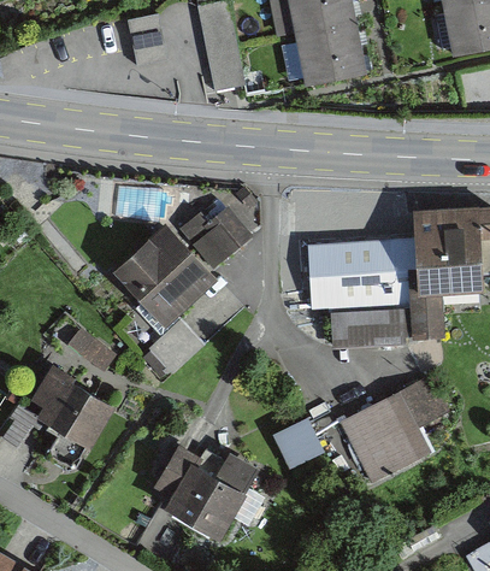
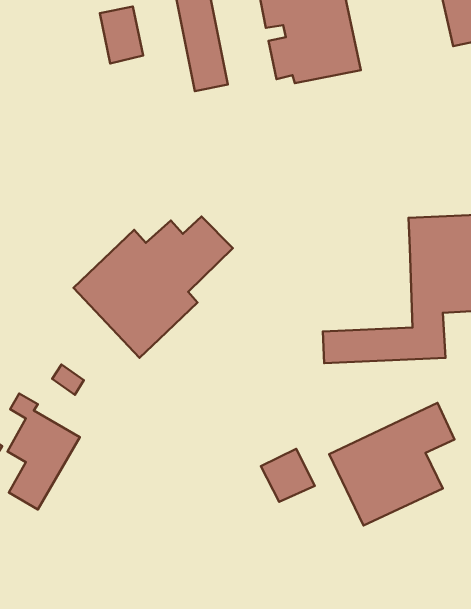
building: [307,235,413,312] -> none
building: [148,318,202,371] -> none
building: [158,448,255,537] -> none

